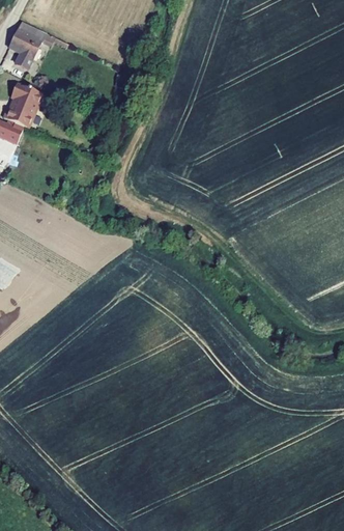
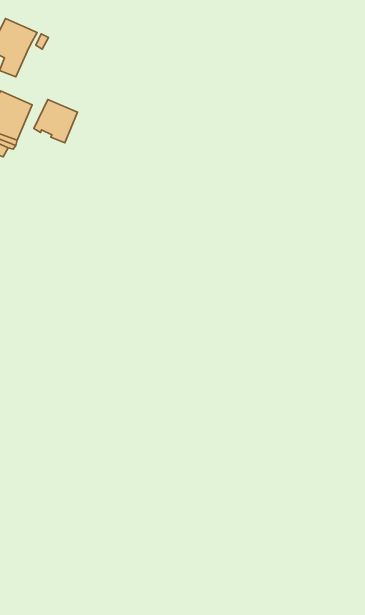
building: none -> [34,100,78,143]

